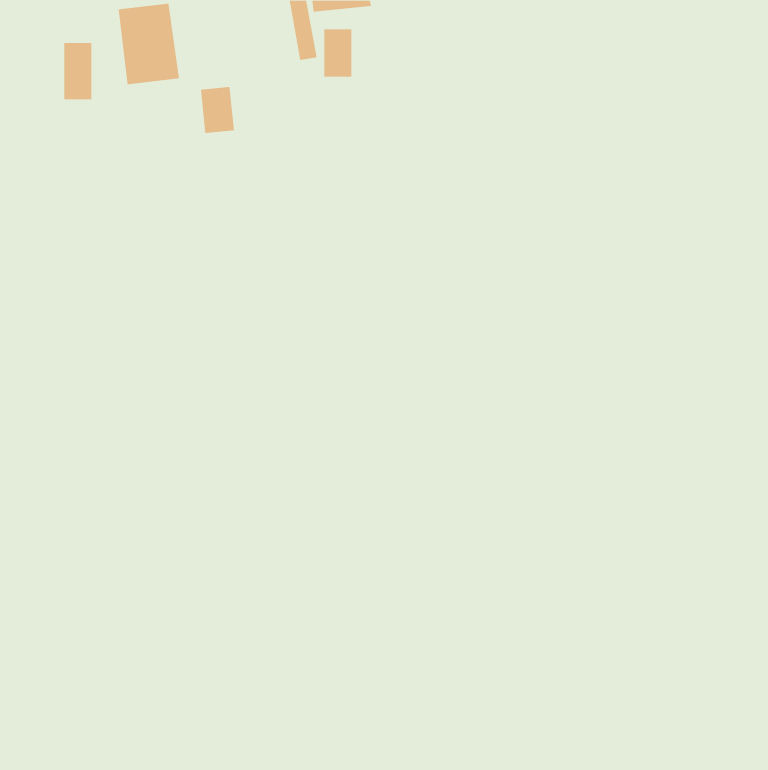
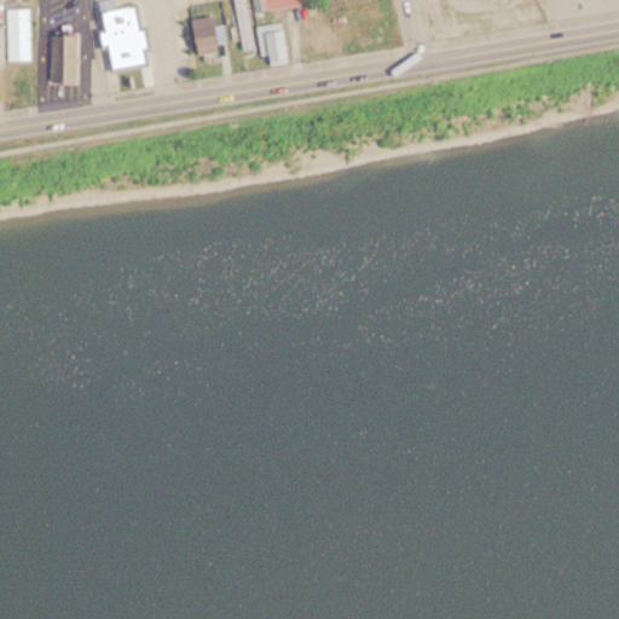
building: none -> [8,11,30,60]
building: [200,87,235,133] -> [189,17,216,54]

